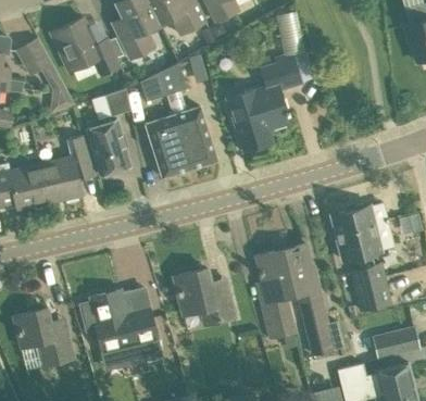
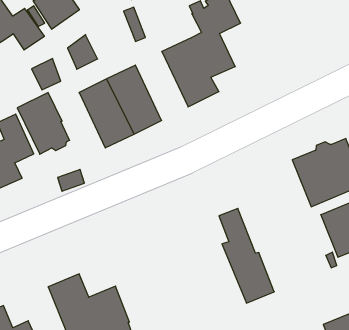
building: [159,62,187,96] -> none
building: [274,245,343,356] -> none
building: [173,268,237,327] -> none

